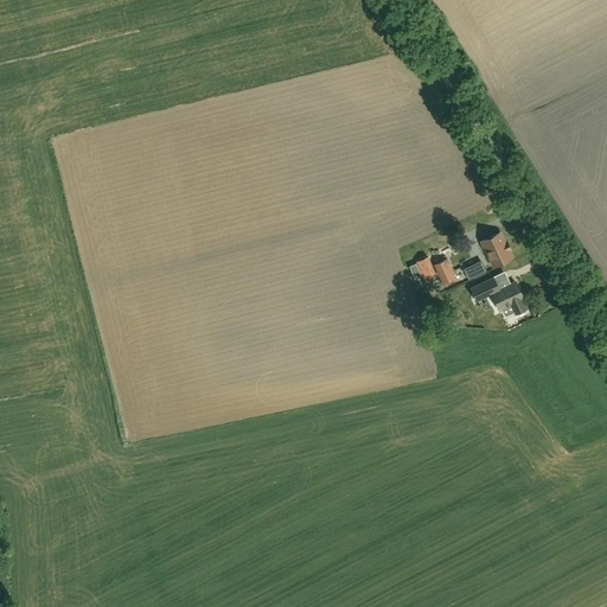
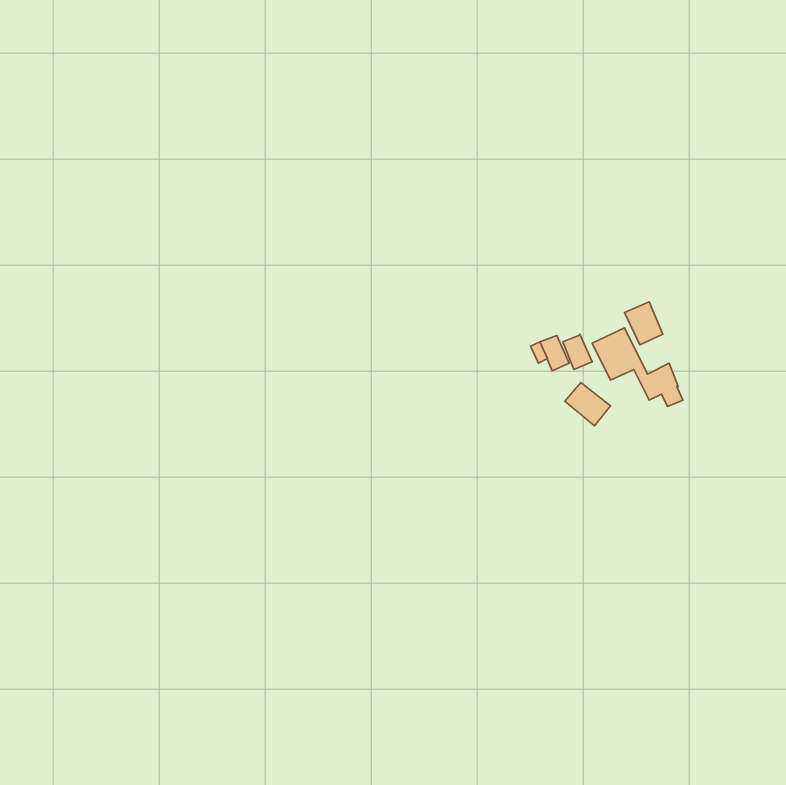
building: none -> [565,382,611,426]

